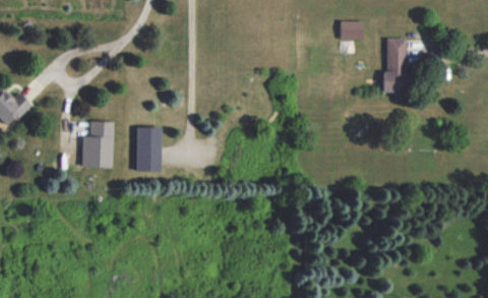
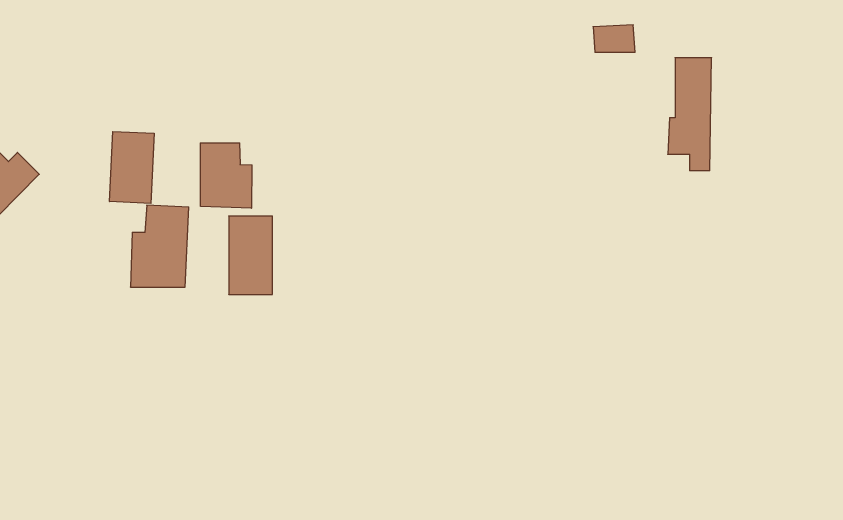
building: none -> [110,132,154,203]
building: none -> [200,143,252,208]

